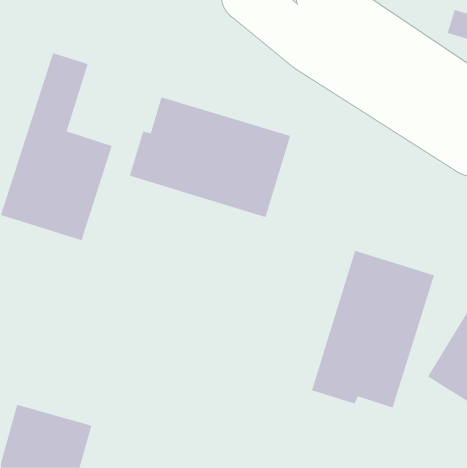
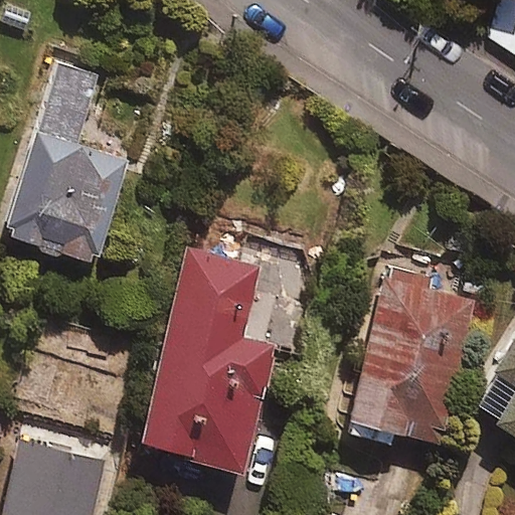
building: [129,96,291,218] -> none
building: none -> [135,246,275,473]

